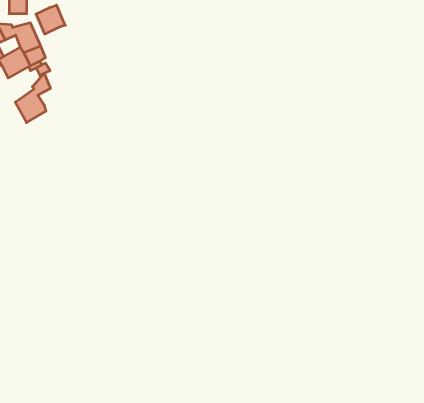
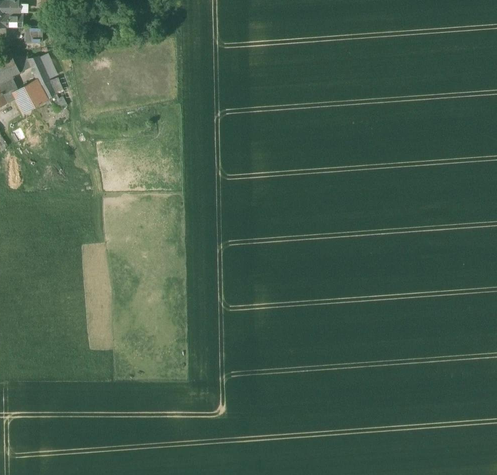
building: [36,5,65,34] -> none
building: [15,73,50,123] -> none

